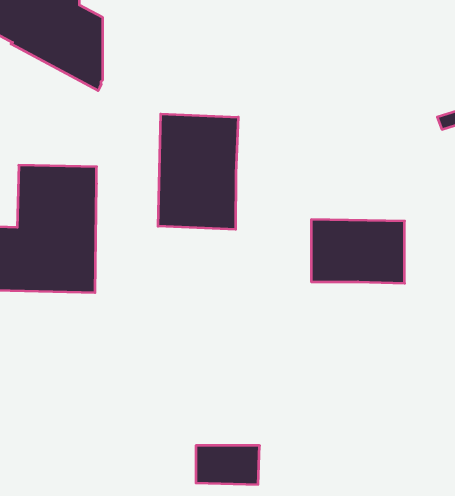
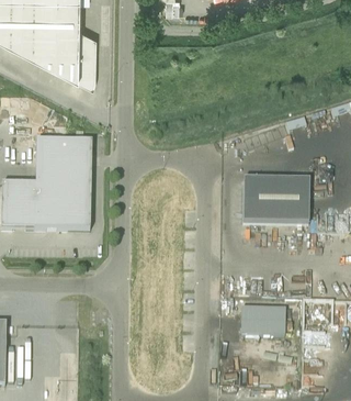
building: [158,114,238,229] -> none
building: [196,446,260,484] -> [240,309,285,336]

